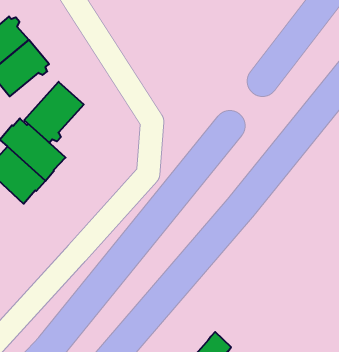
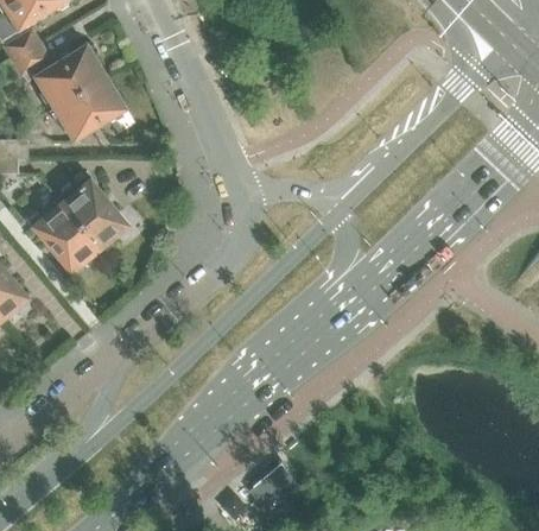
building: [24,82,84,143] -> none

